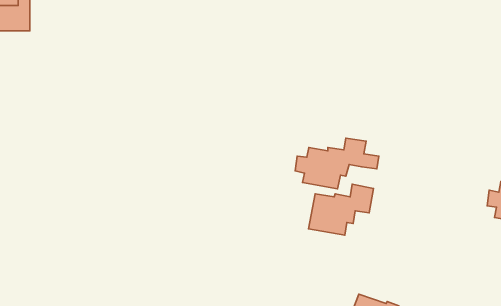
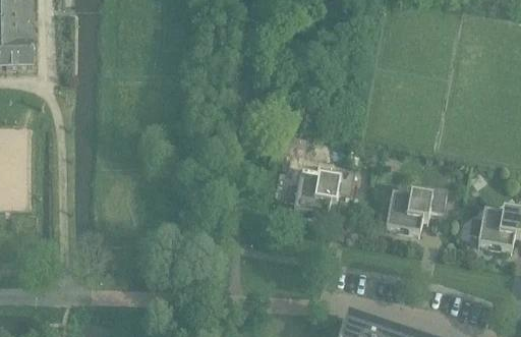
building: [309,184,373,235] -> [383,181,445,230]

